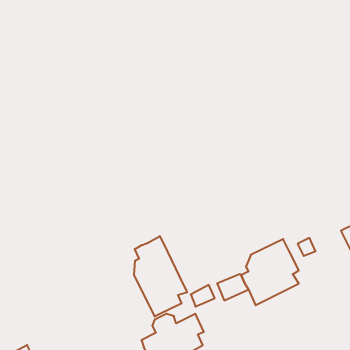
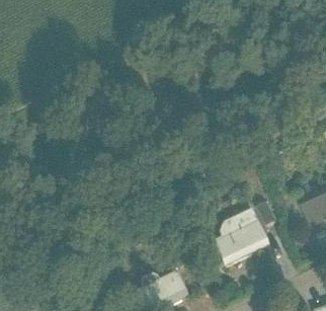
building: [134,236,187,317] -> none

